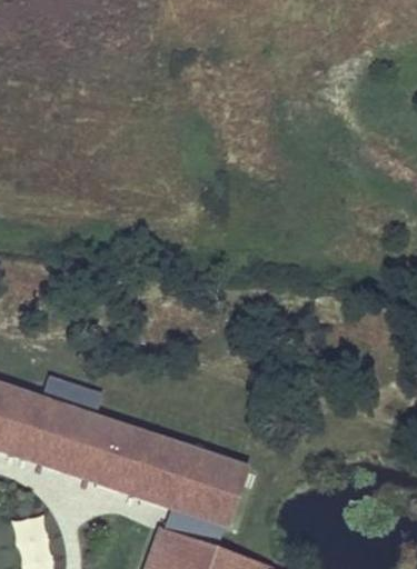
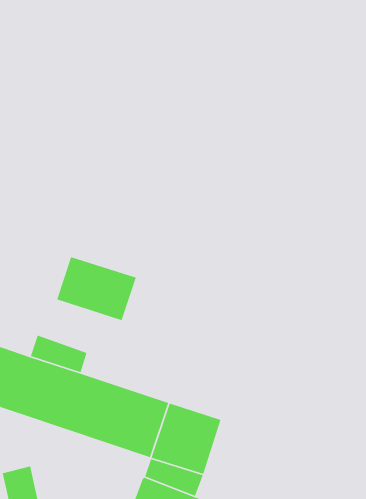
building: none -> [56,256,137,321]

